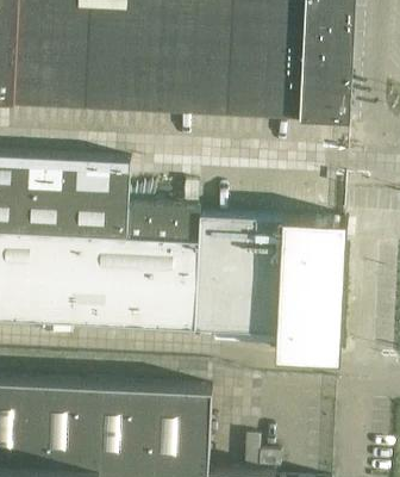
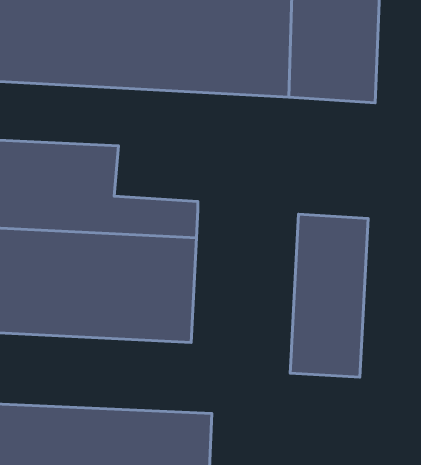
building: [192,216,283,334] -> none

